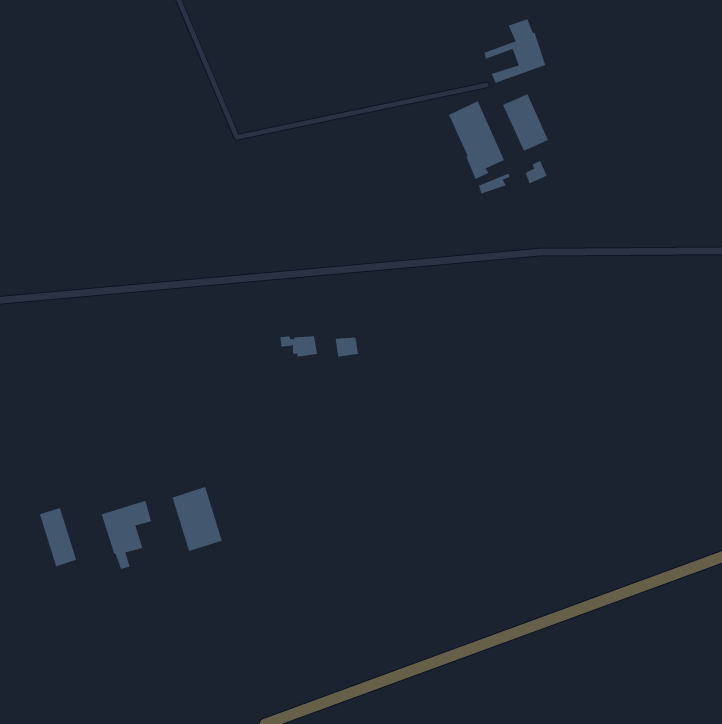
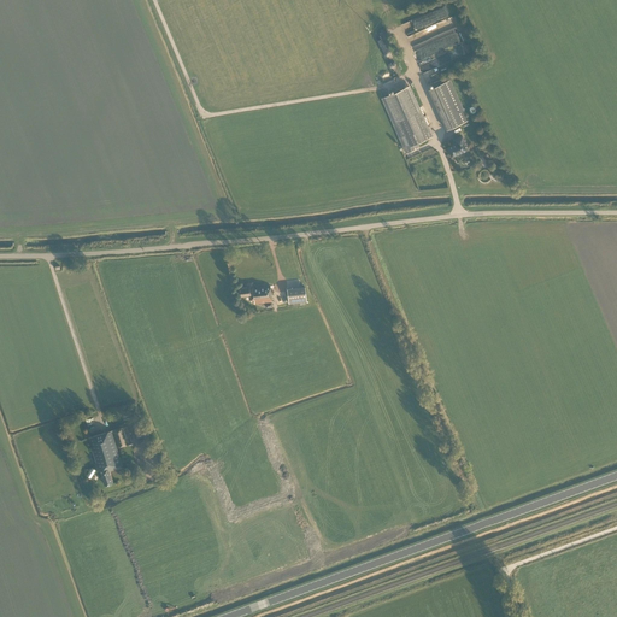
building: [172,486,223,552] -> none
building: [39,507,77,567] -> none

